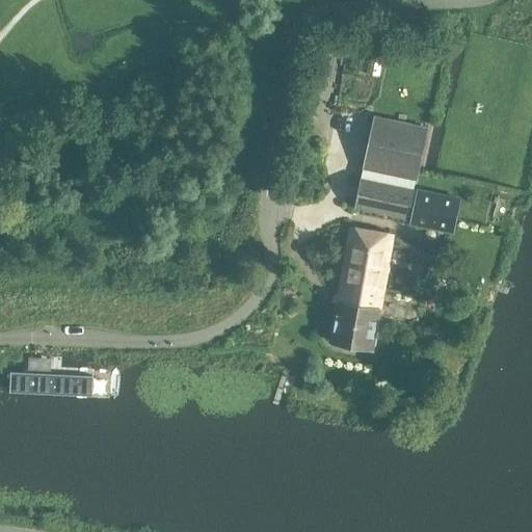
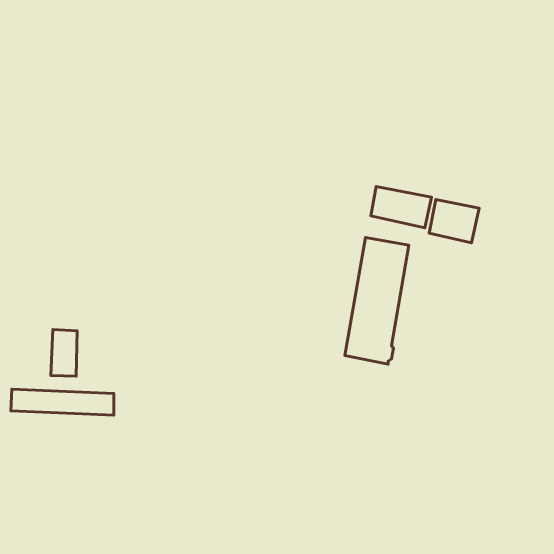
building: [364,116,427,179] -> none
building: none -> [51,329,77,376]

